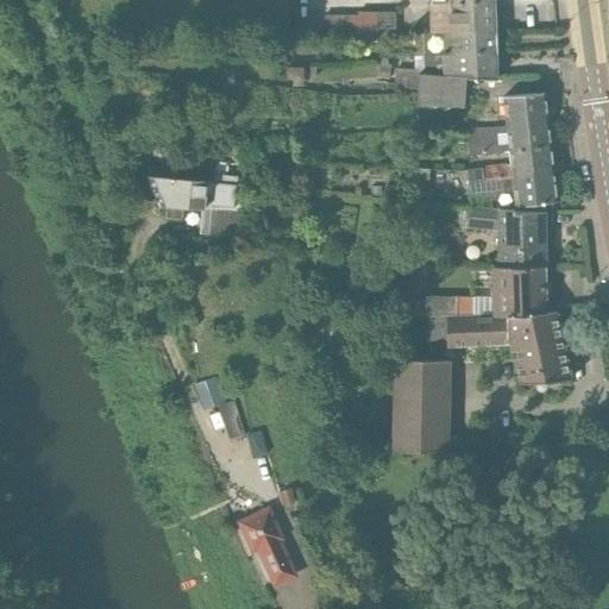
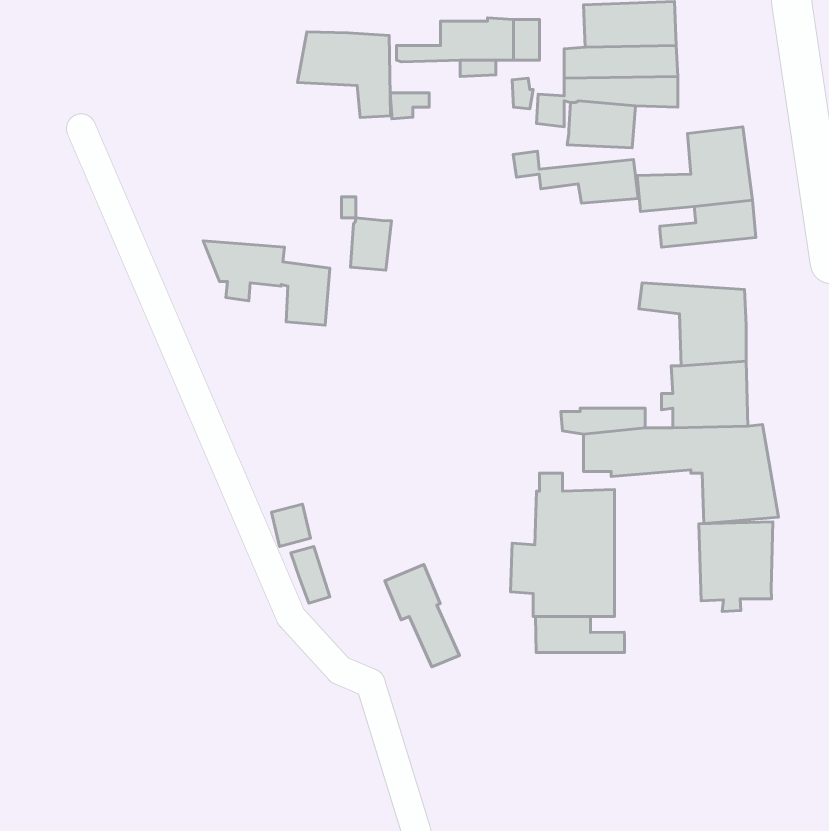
building: none -> [297,32,390,117]
building: none -> [350,218,392,270]
building: [466,168,558,206] -> [513,151,638,203]
building: none -> [699,522,773,612]
building: none -> [536,616,625,652]
building: [241,509,296,584] -> [385,564,460,667]

